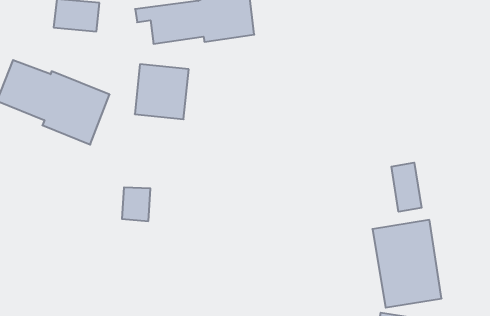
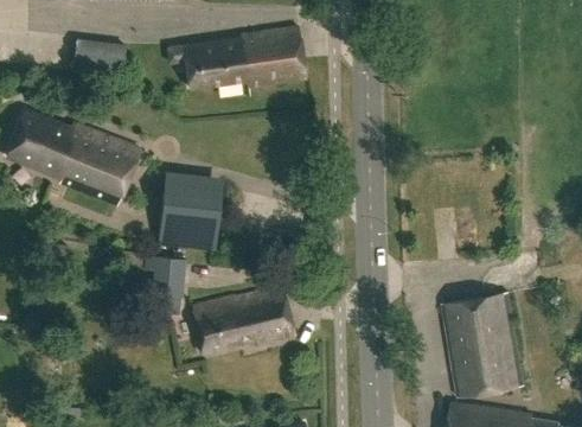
building: [135,64,189,119] -> [156,185,219,249]
building: [391,163,422,212] -> none
building: none -> [190,285,293,352]

